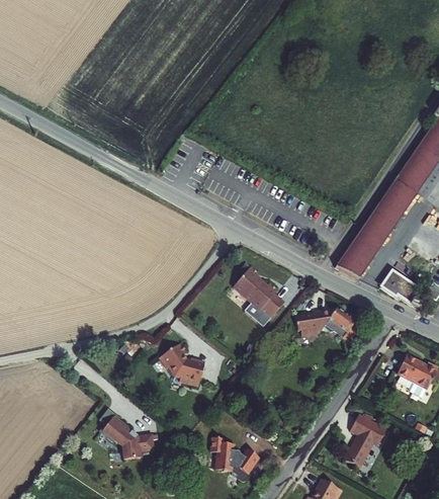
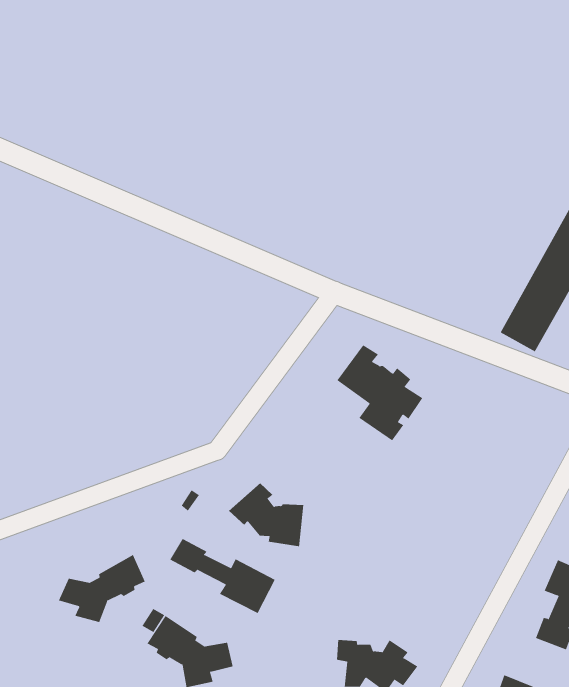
building: [295,308,354,343] -> none
building: none -> [170,538,276,614]
building: none -> [58,554,146,623]

